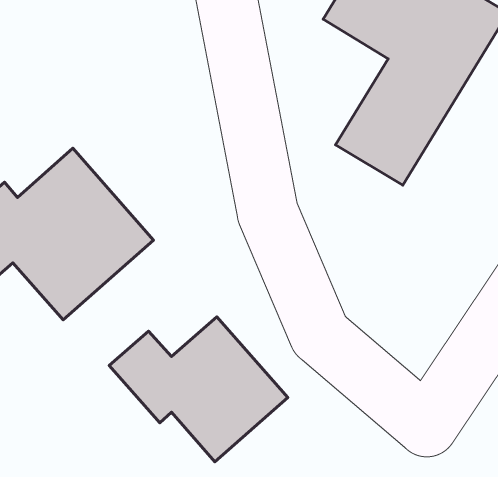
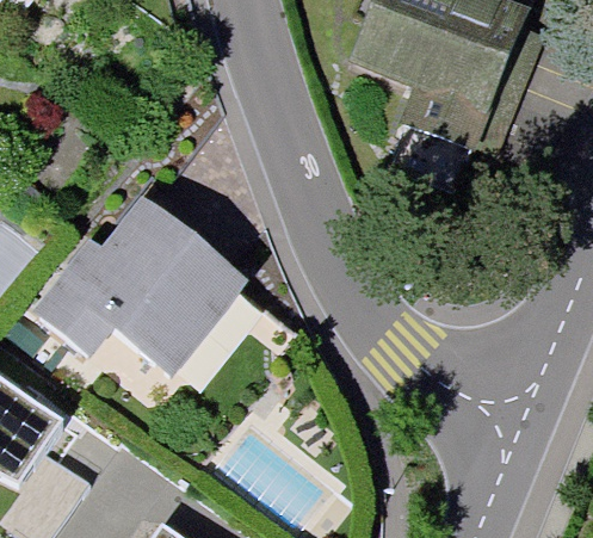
building: [109,317,288,462] -> none

